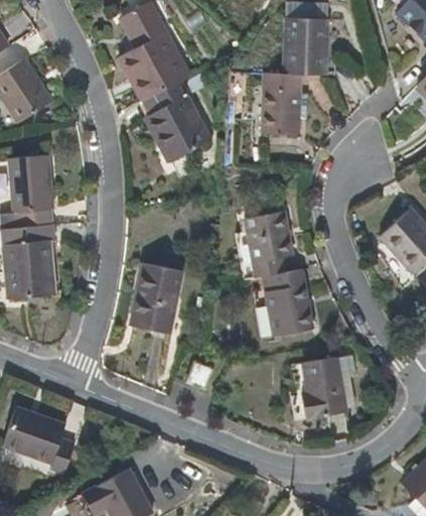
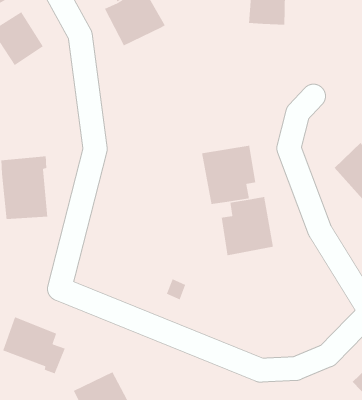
building: [260,73,306,132] -> none
building: [139,78,208,159] -> none
building: [9,155,53,211] -> none
building: [131,263,182,334] -> none
building: [287,357,345,422] -> none

